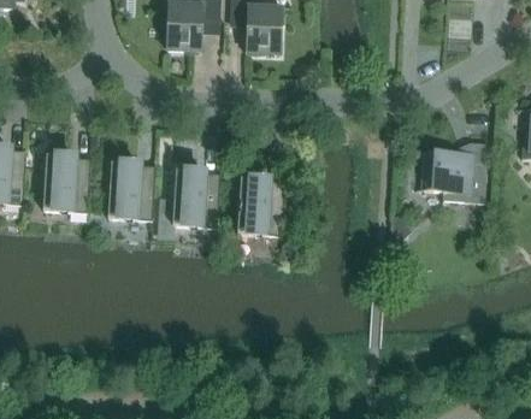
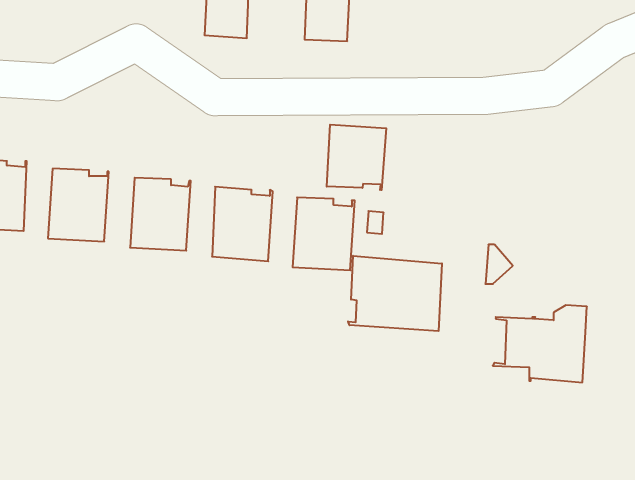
building: none -> [327,125,386,190]
building: [414,140,489,201] -> [493,305,587,382]
building: none -> [348,256,442,331]

